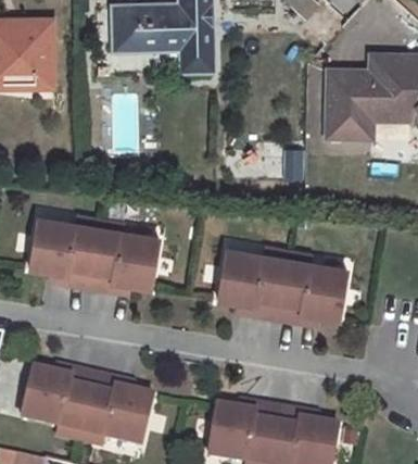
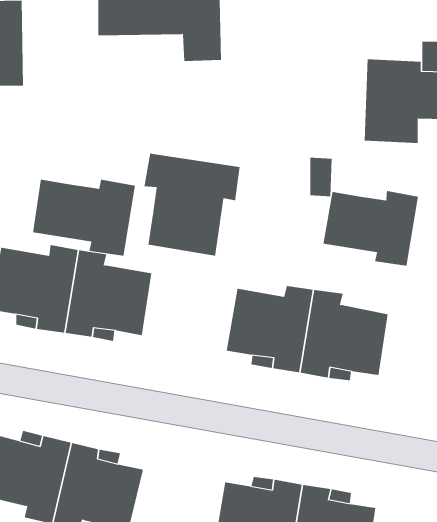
building: none -> [144,153,240,256]
building: none -> [33,179,136,256]
building: none -> [323,190,418,266]

